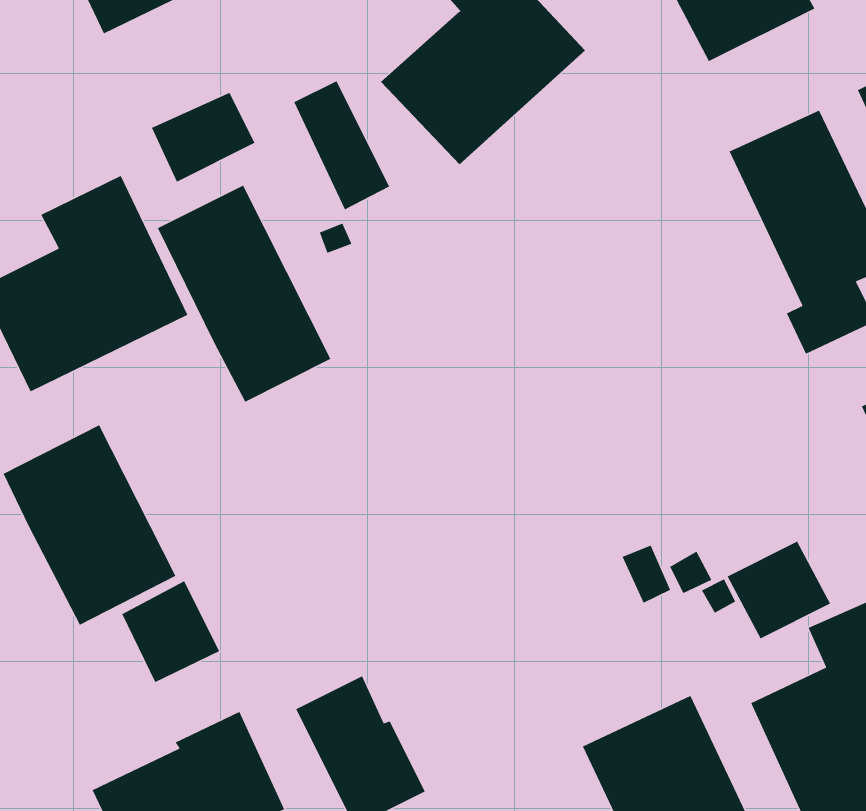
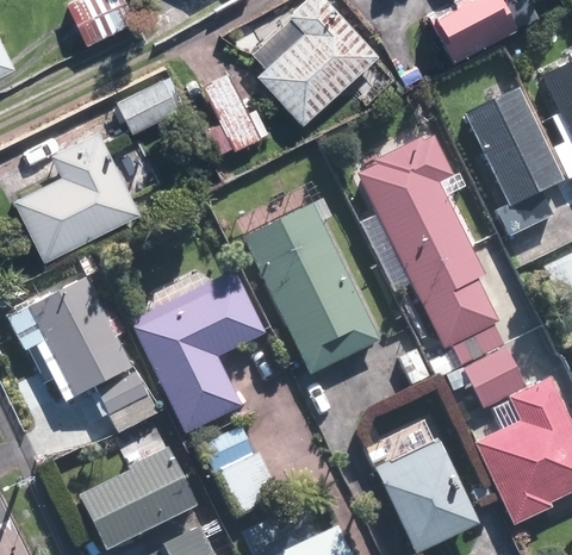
building: [157,184,332,403] -> none
building: none -> [356,135,504,364]
building: none -> [243,204,379,374]
building: none -> [133,278,265,432]

